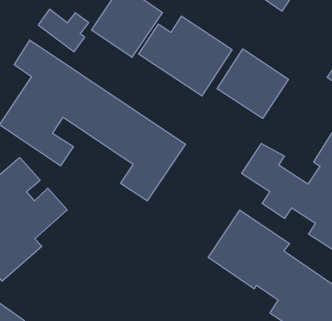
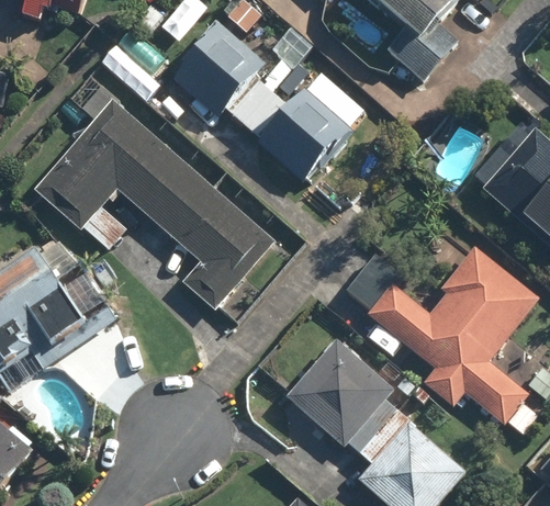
building: [217,49,288,118] -> none

